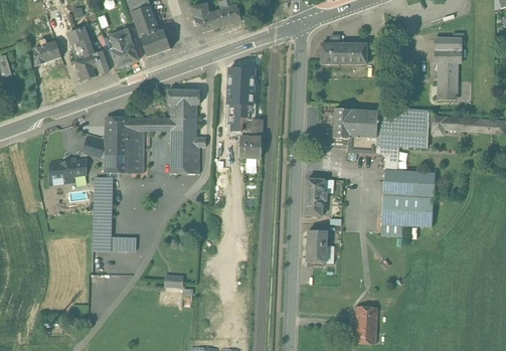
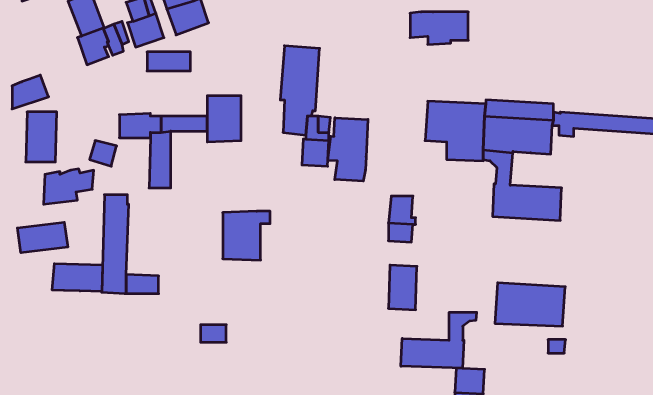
building: [435,37,462,99] -> none
building: [34,40,61,65] -> [12,75,49,109]
building: [168,90,200,104] -> [147,52,190,71]
building: none -> [328,118,368,181]
building: [106,135,129,172] -> [26,112,57,162]
building: [171,137,206,173] -> [223,211,270,260]
building: [381,193,434,225] -> [495,283,565,326]
building: none -> [17,222,68,253]
building: none -> [52,264,103,291]
building: none -> [401,312,477,368]

